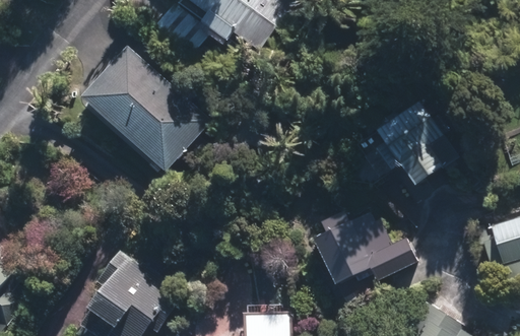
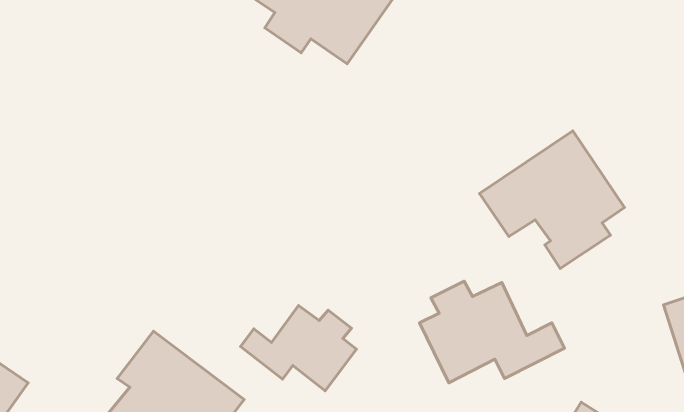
building: [79,45,211,171] -> none
building: none -> [240,305,357,391]

